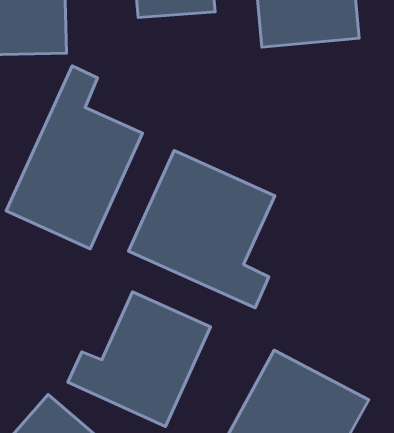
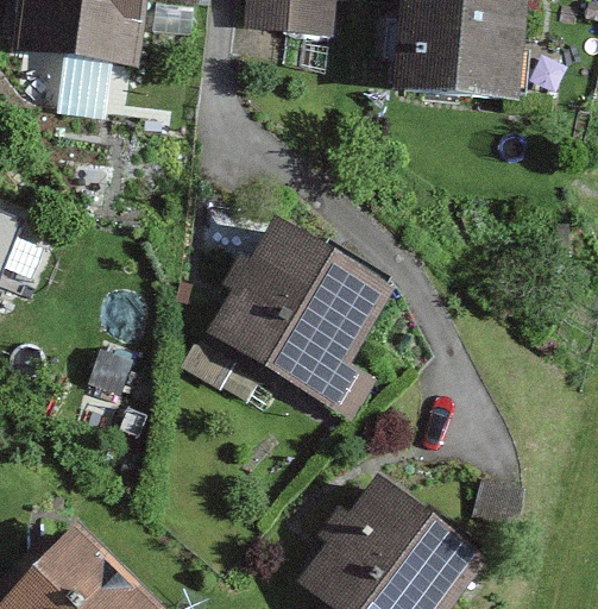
building: [6,66,142,249] -> none
building: [68,292,210,427] -> none

